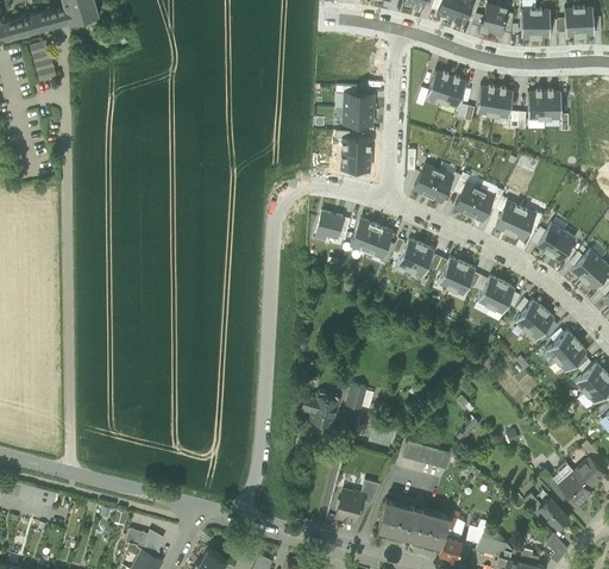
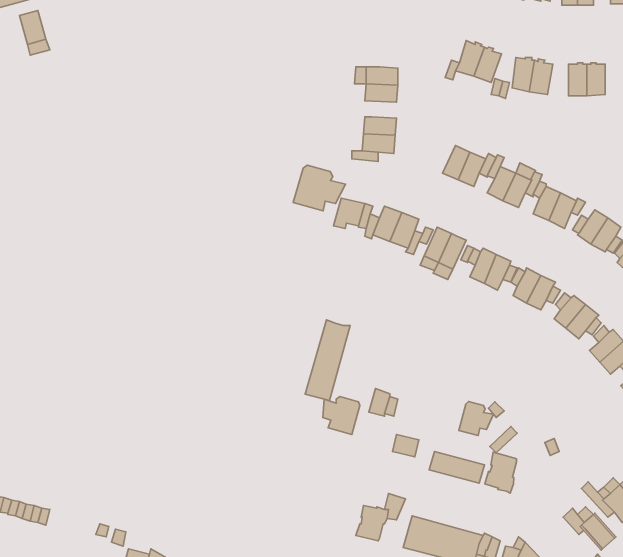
building: none -> [293,165,346,211]
building: none -> [305,320,350,400]
building: none -> [459,402,494,436]
building: none -> [485,452,517,493]

